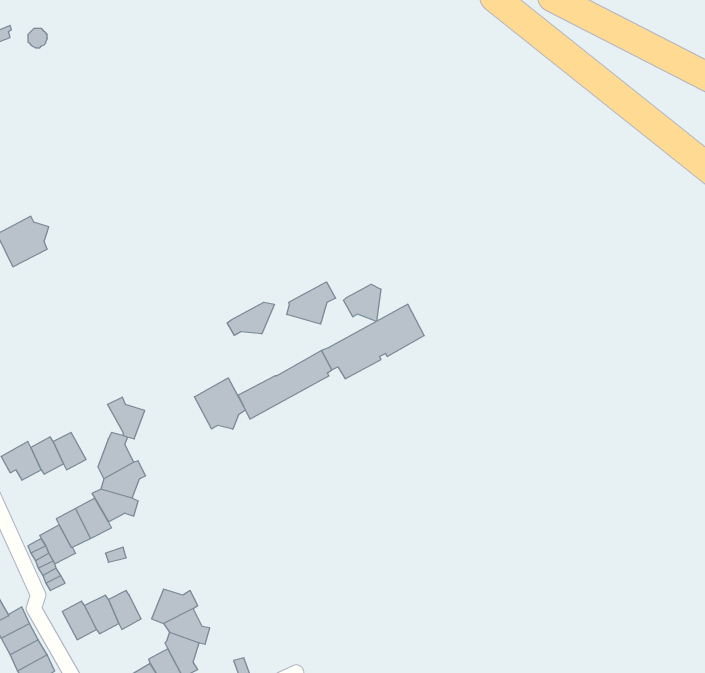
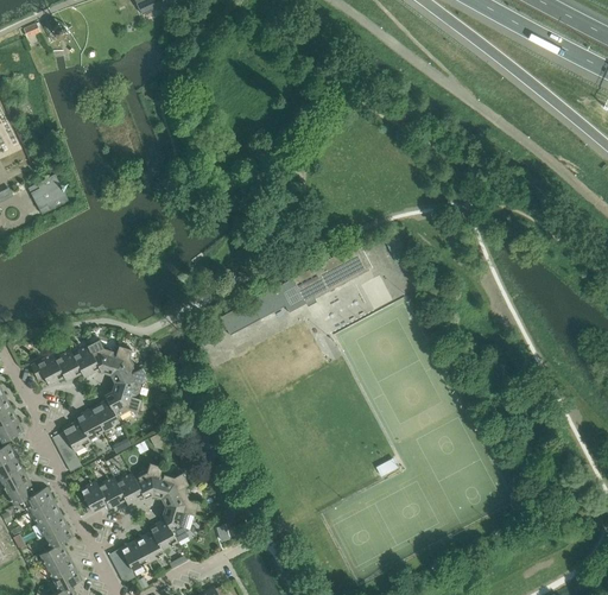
building: [287,282,336,324] -> none
building: [343,284,381,321] -> none
building: [227,302,274,335] -> none
building: [194,378,245,429] -> none
building: [107,397,145,439] -> [86,341,115,374]
building: none -> [132,463,162,499]

